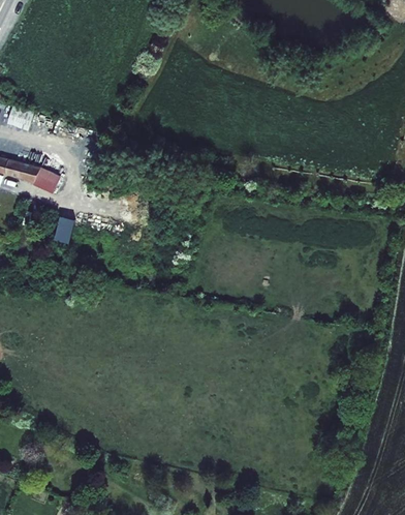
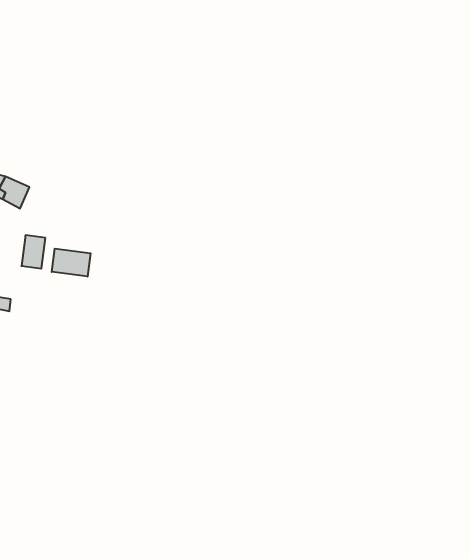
building: none -> [52,249,91,277]

